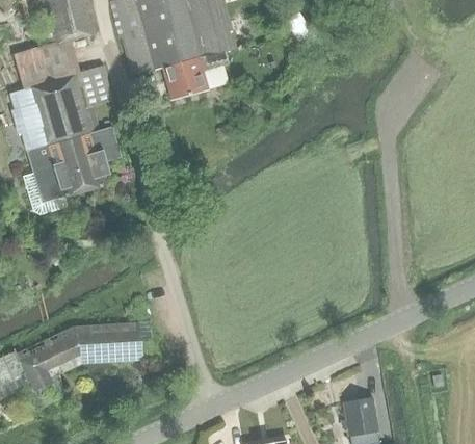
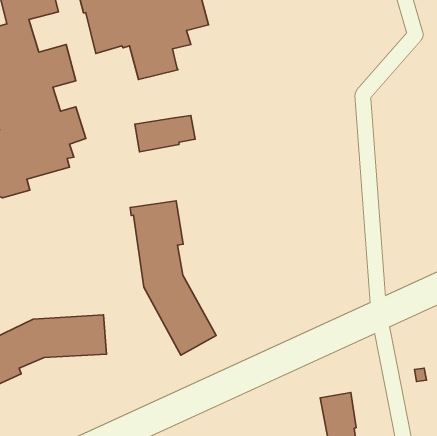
building: none -> [135,116,195,152]
building: none -> [130,201,216,355]

